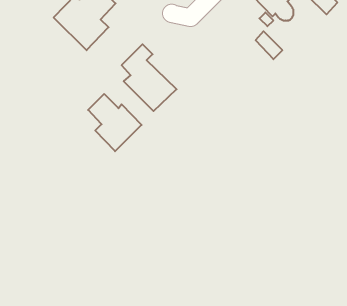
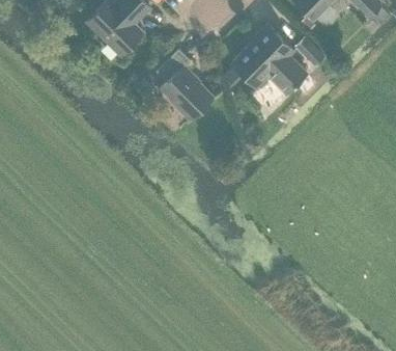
building: none -> [232,25,307,93]
building: [88,94,142,151] -> none

